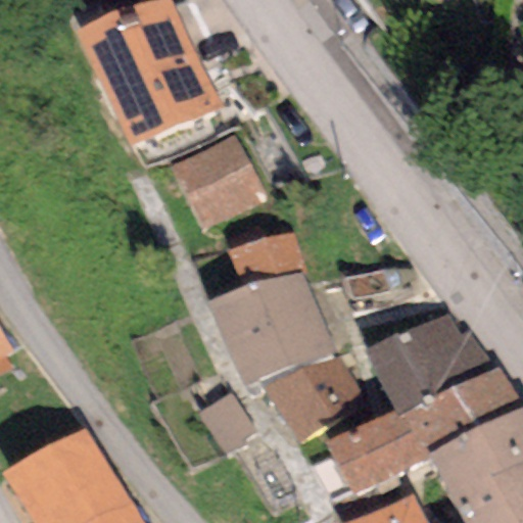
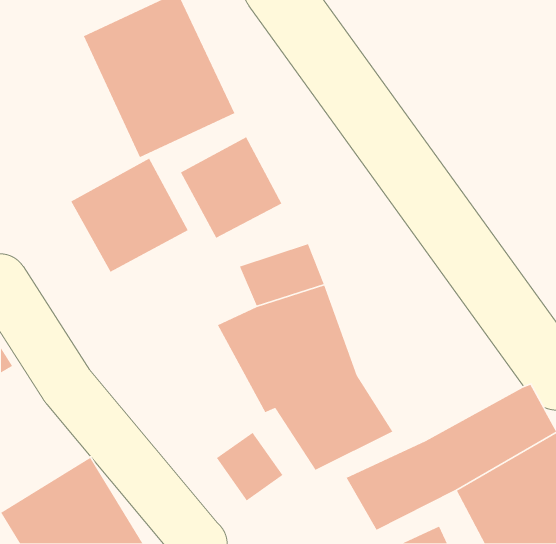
building: none -> [70,158,189,273]
building: [366,305,490,413] -> none

